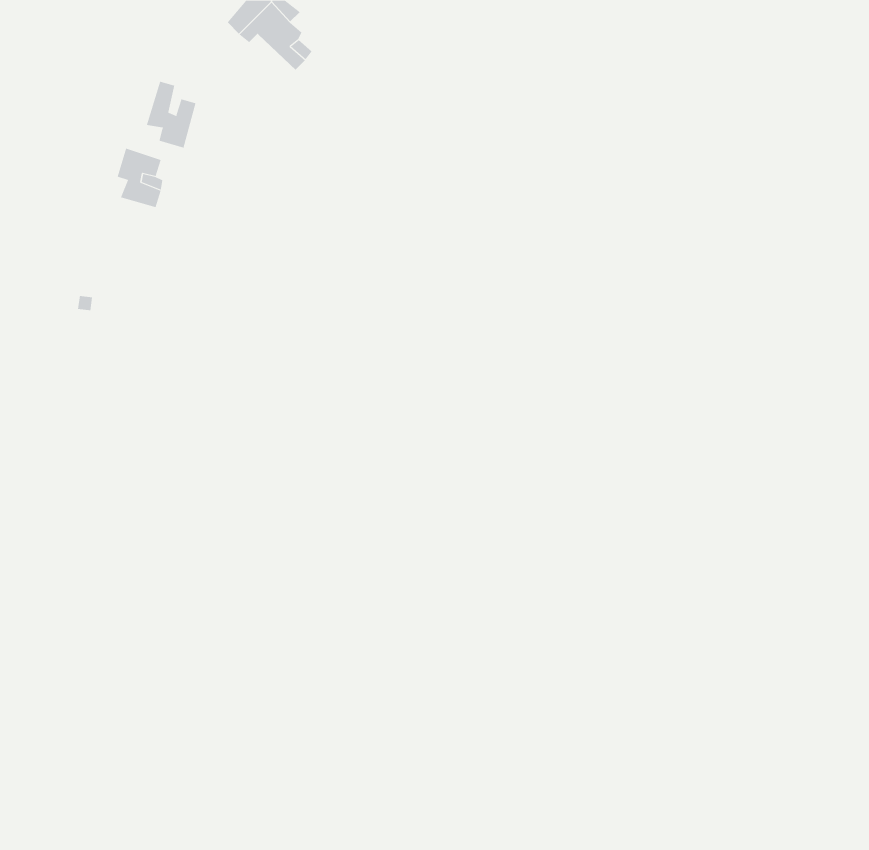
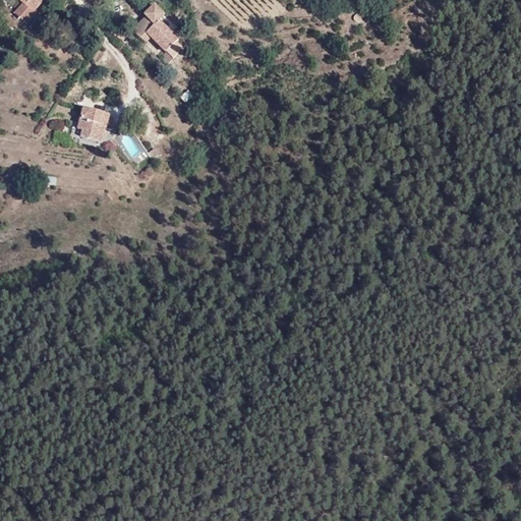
building: [146,81,196,149] -> none

